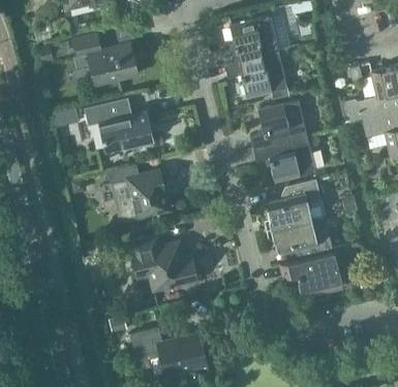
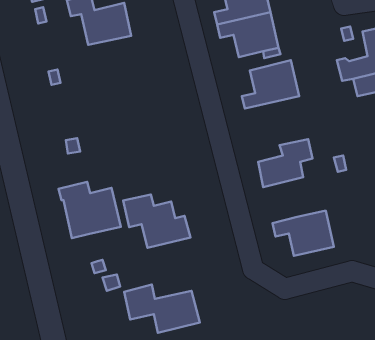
building: [84,99,154,154] -> none
building: [252,137,315,183] -> none
building: [106,165,170,222] -> [58,182,121,238]
building: [271,219,333,259] -> none

